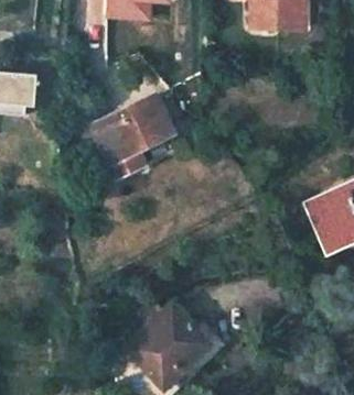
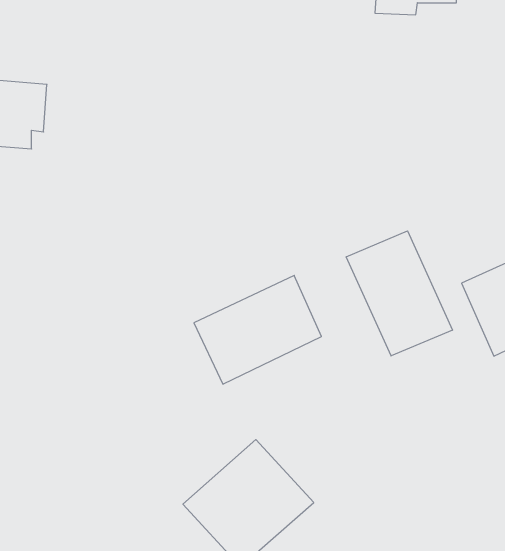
building: [92,96,174,166] -> [194,275,321,384]
building: none -> [346,231,452,356]

